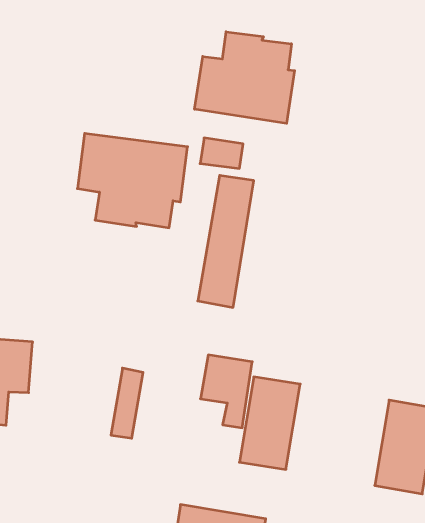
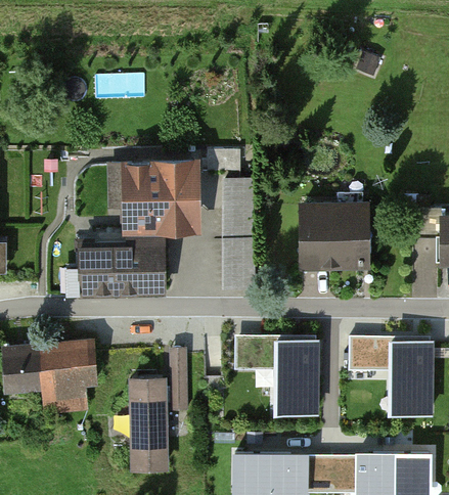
building: [195,32,295,123] -> none
building: none -> [82,232,166,292]
building: none -> [303,207,365,265]
building: none -> [350,343,378,372]
building: none -> [130,378,165,466]

